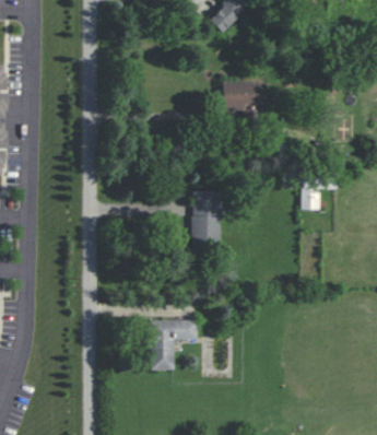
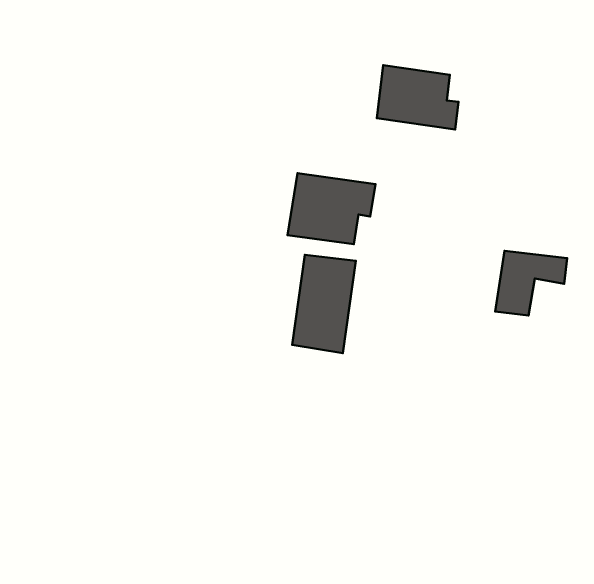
building: none -> [288,173,376,244]
building: [151,320,198,371] -> none

